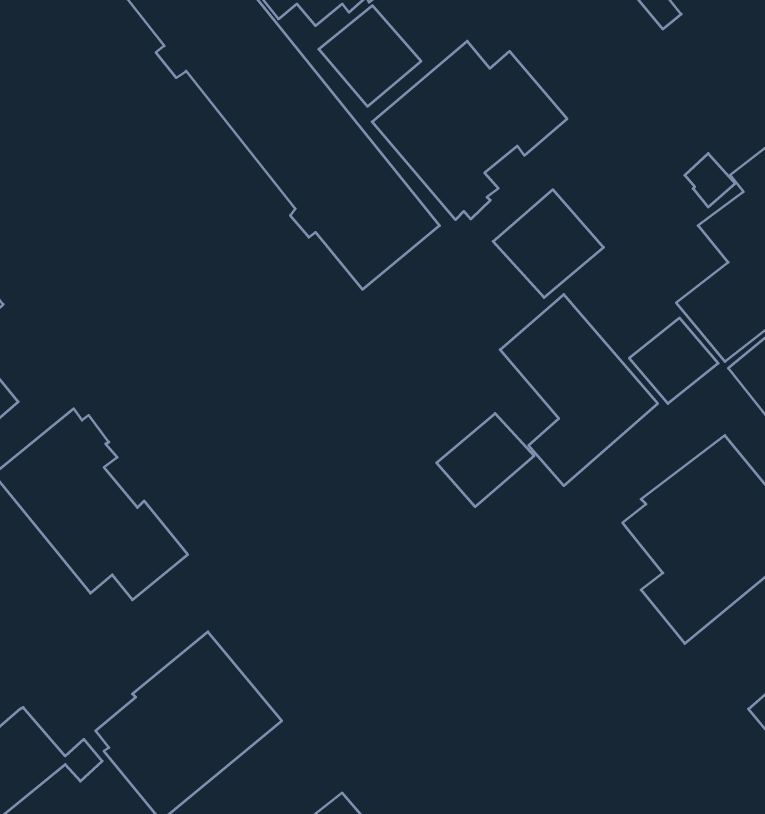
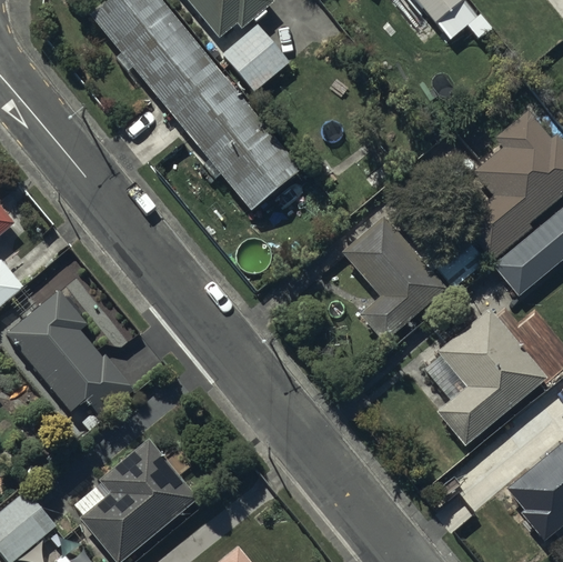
building: [372,41,567,220] -> none
building: [493,190,604,298] -> none
building: [437,413,534,507] -> none

